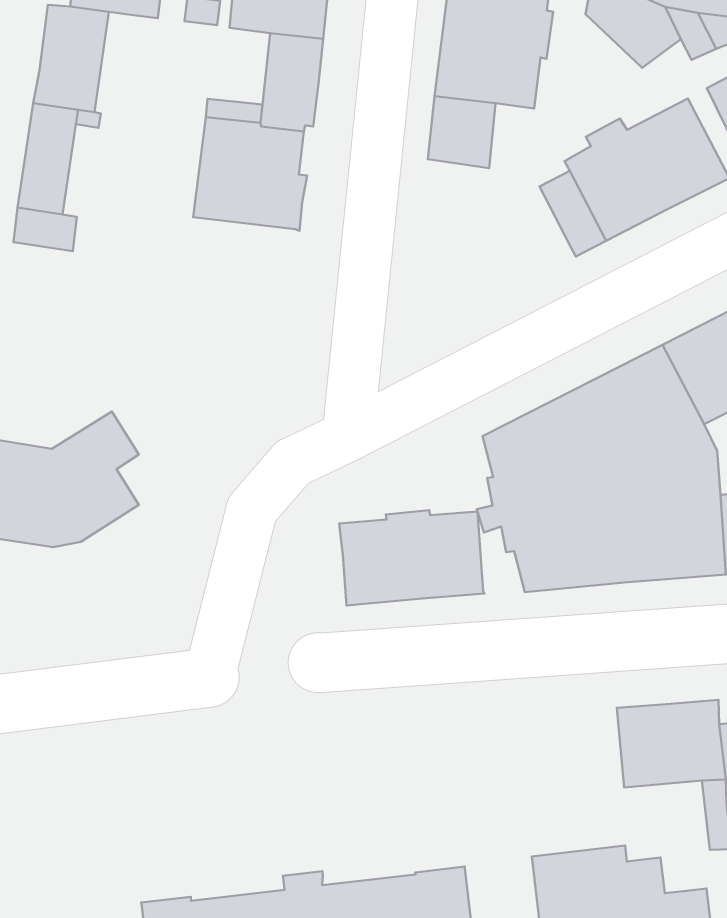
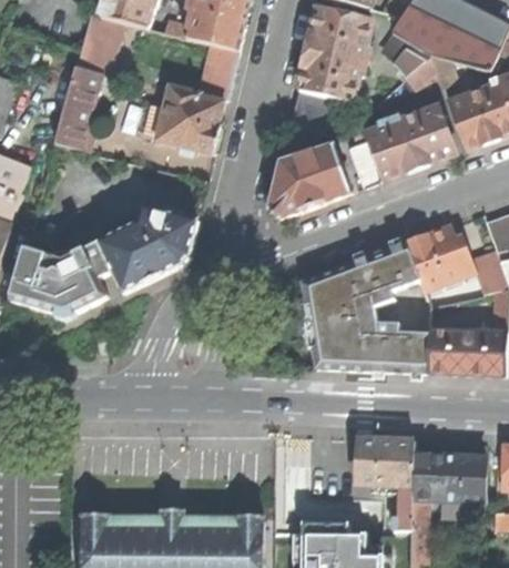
building: none -> [268,145,349,217]
building: none -> [98,207,196,293]
building: [339,510,485,605] -> none

